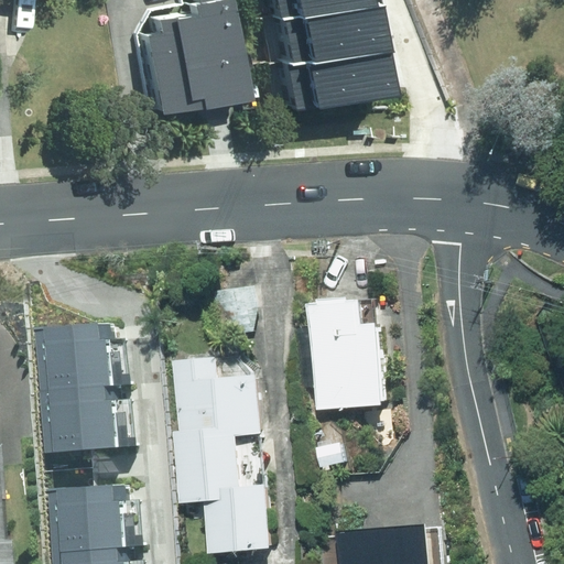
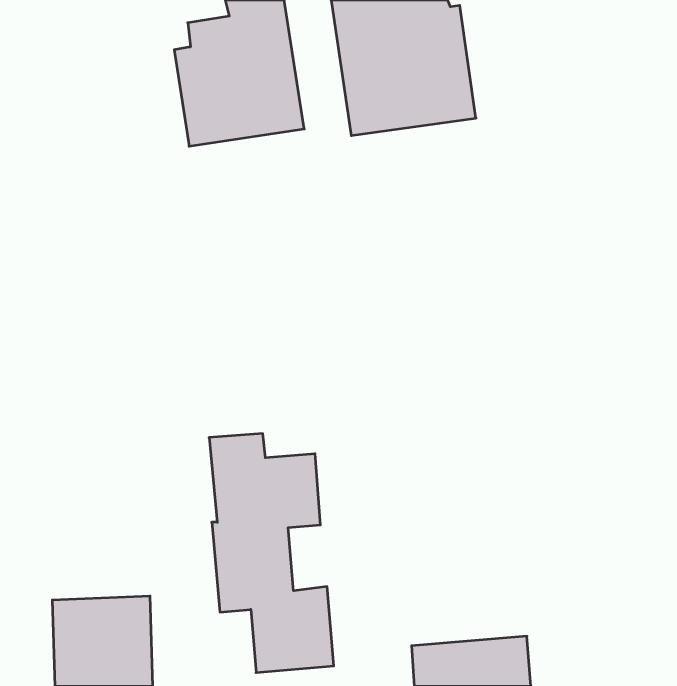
building: [310,297,389,408] -> none
building: [30,322,123,451] -> none

